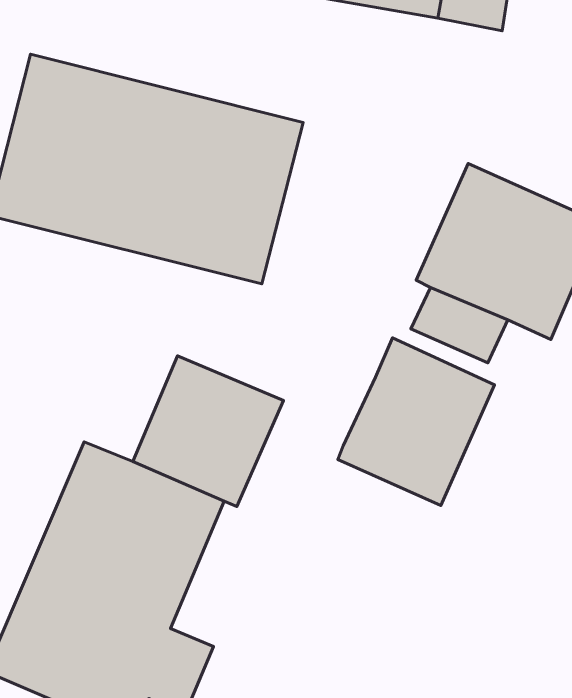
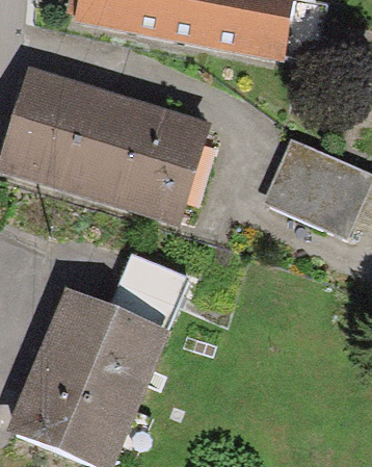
building: [338,338,495,505] -> none

